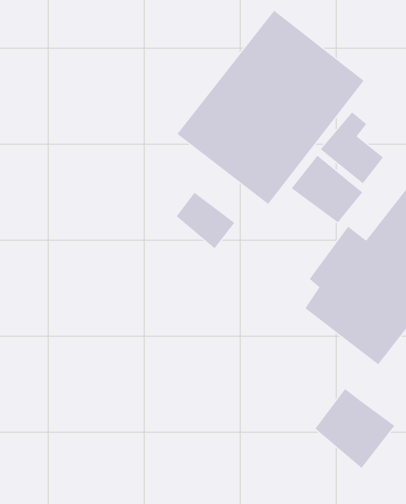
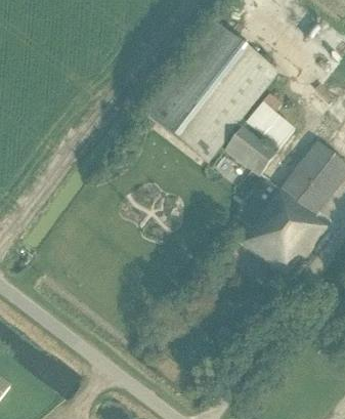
building: [176,192,235,249] -> none
building: [314,388,395,469] -> none

